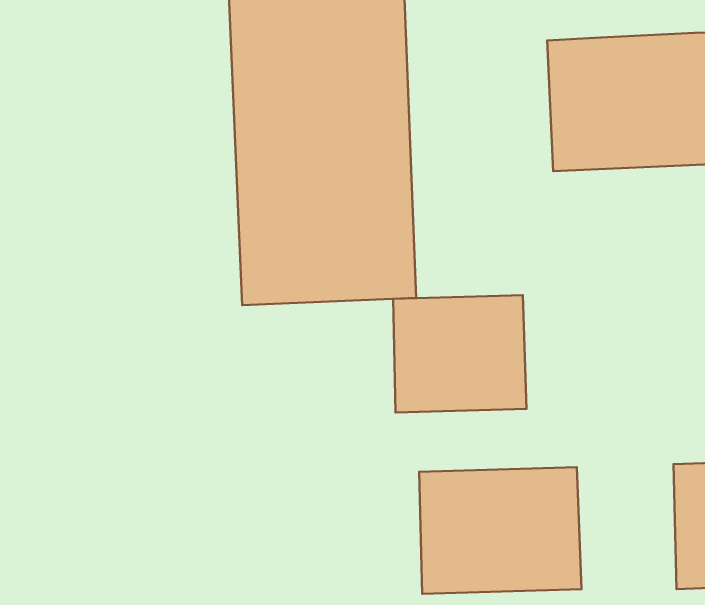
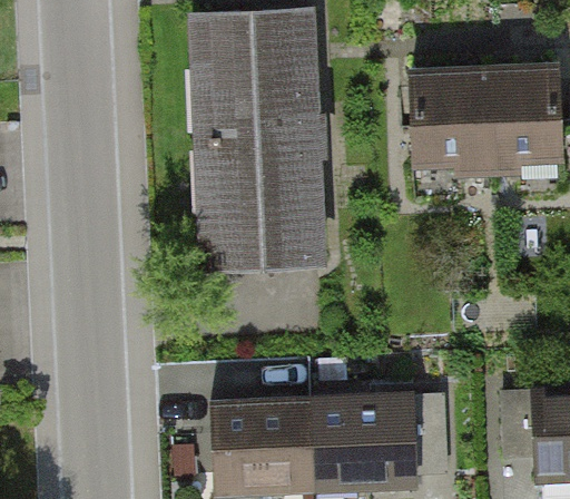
building: [393,295,526,412] -> none
building: none -> [208,397,330,491]

